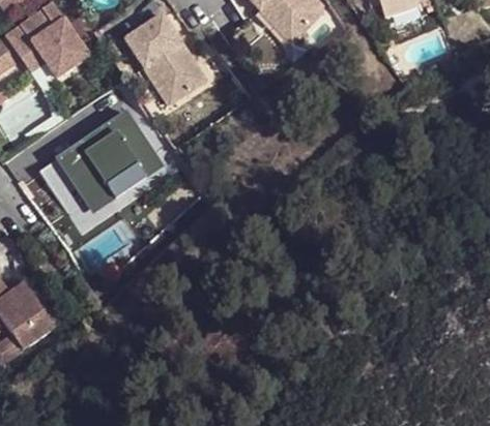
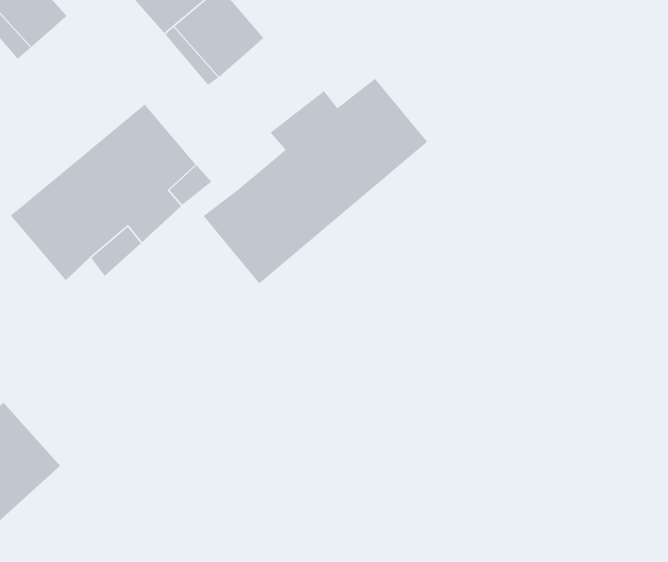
building: none -> [202,78,428,285]

